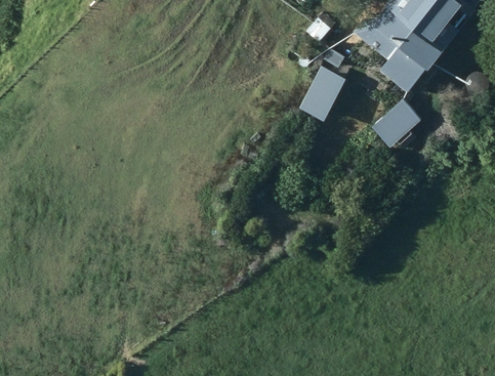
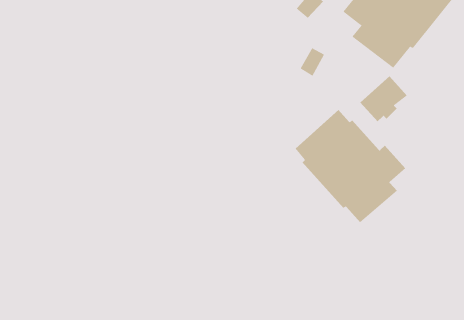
building: none -> [295,109,406,223]

